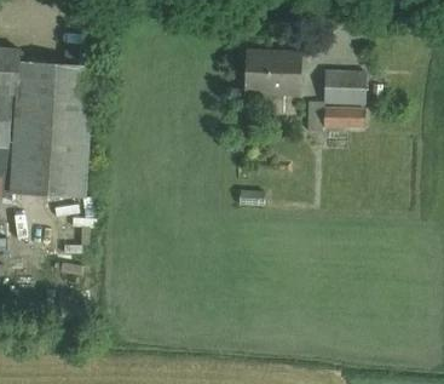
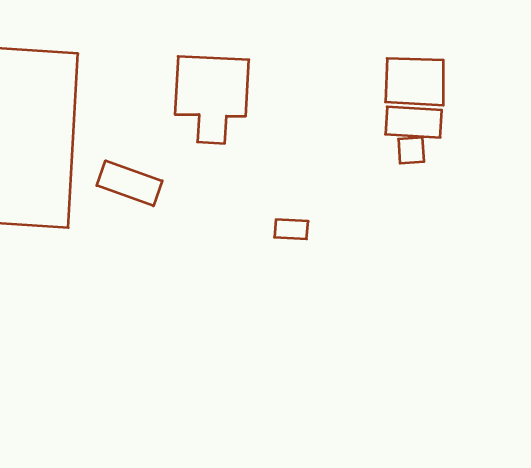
building: [244,48,300,114] -> [175,56,249,143]
building: none -> [97,161,162,206]

